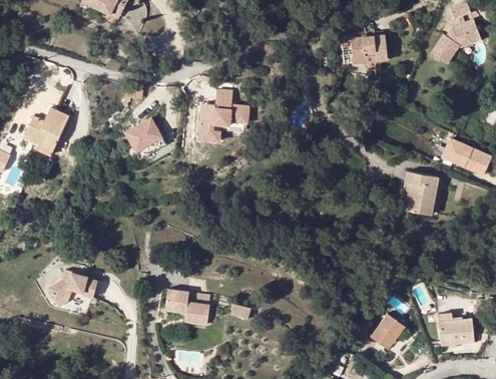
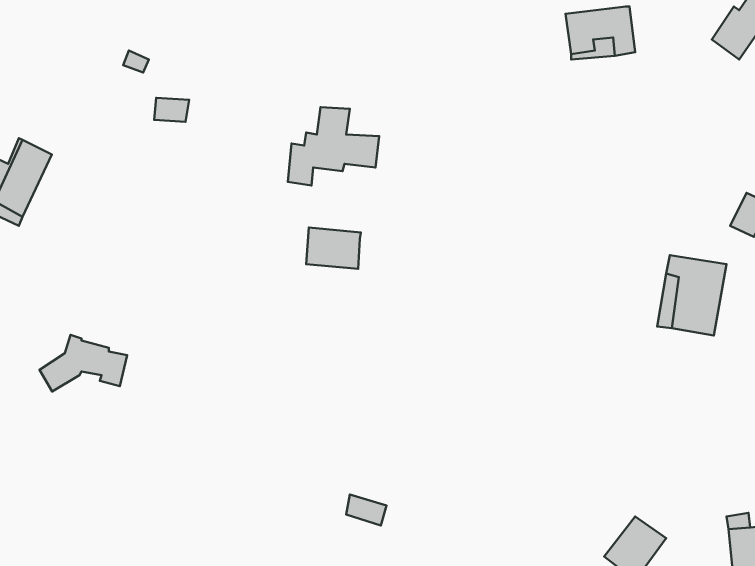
building: [124,117,160,150] -> none
building: none -> [306,227,361,269]
building: [47,271,95,302] -> [39,335,127,392]
building: [165,289,210,326] -> none

